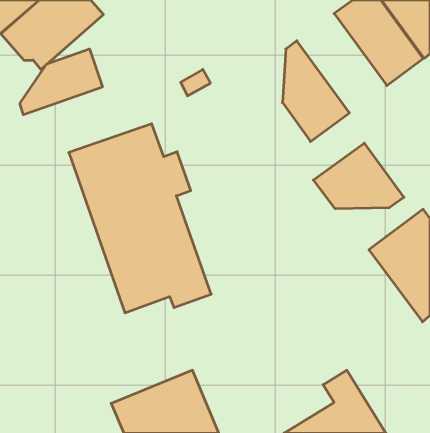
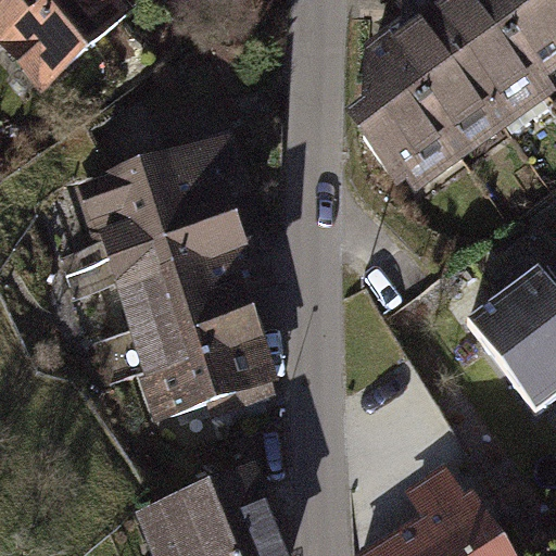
building: none -> [380,17,494,143]
building: [20,49,102,115] -> none
building: [313,143,404,209] -> none

